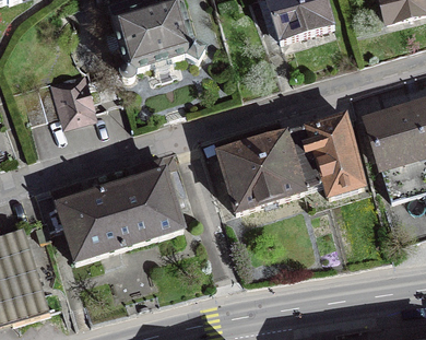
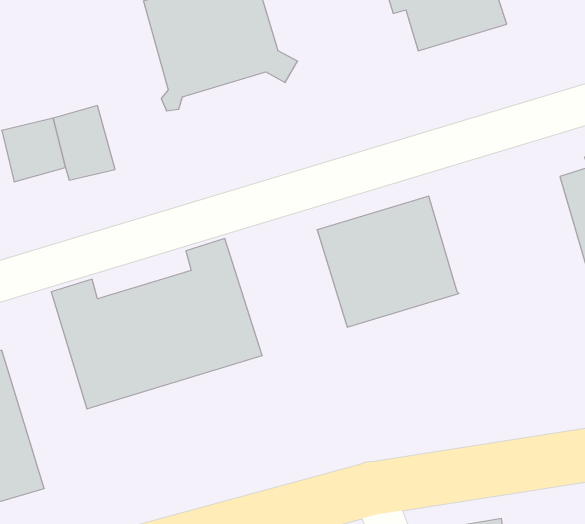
building: [286,112,364,195] -> none

